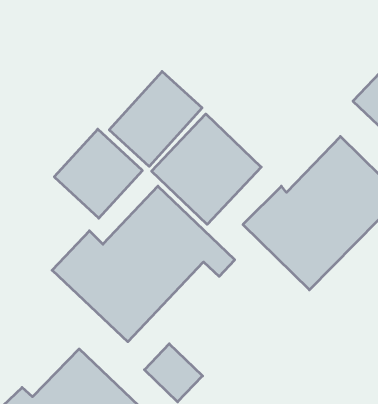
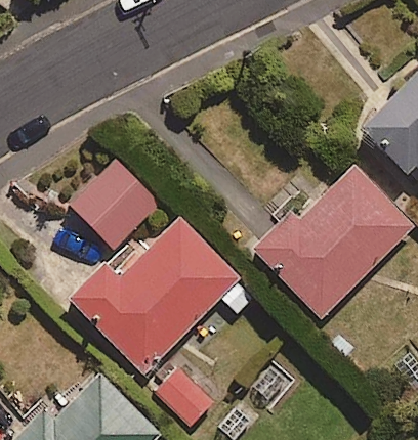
building: [109,71,202,166] -> none
building: [152,114,261,224] -> none

